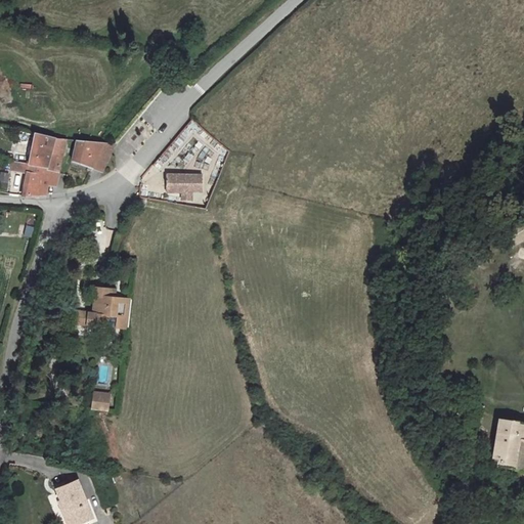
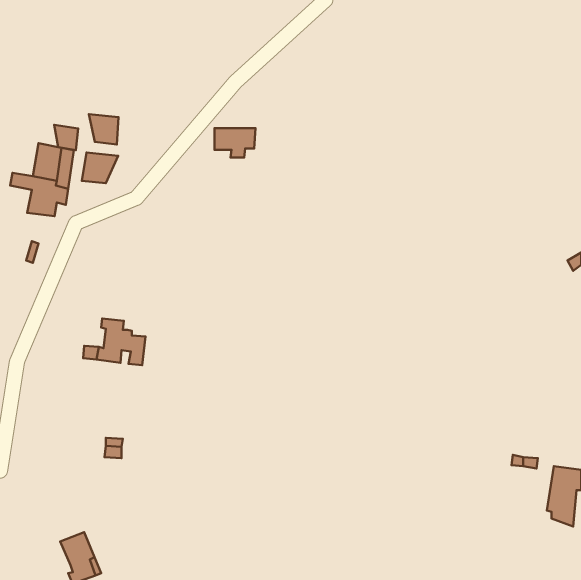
building: none -> [89,114,118,144]
building: none -> [54,125,78,150]
building: [165,175,202,202] -> [214,128,255,158]

